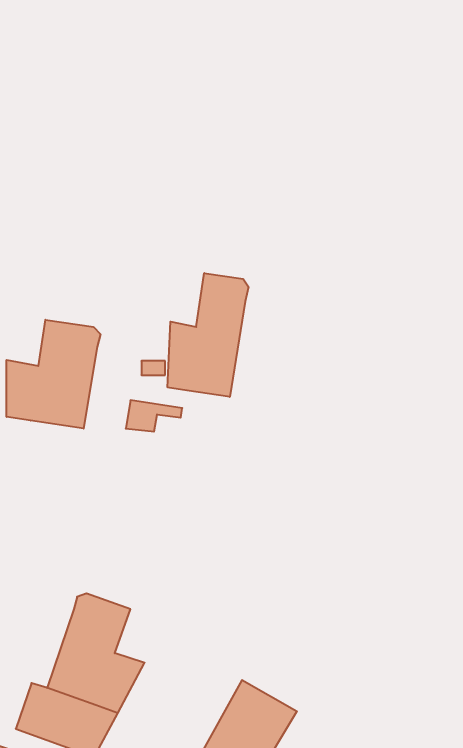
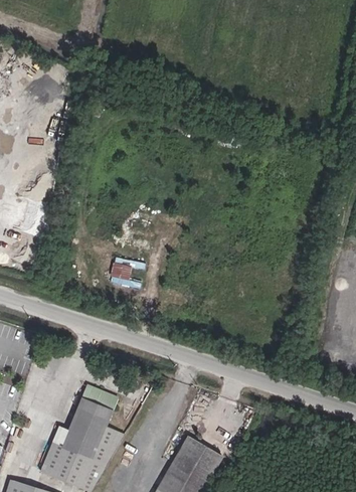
building: [168,273,248,397] -> none
building: [7,320,100,429] -> none

